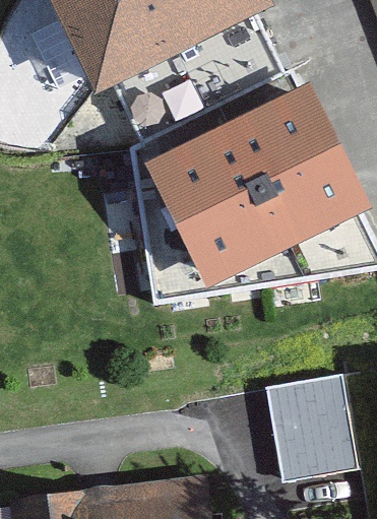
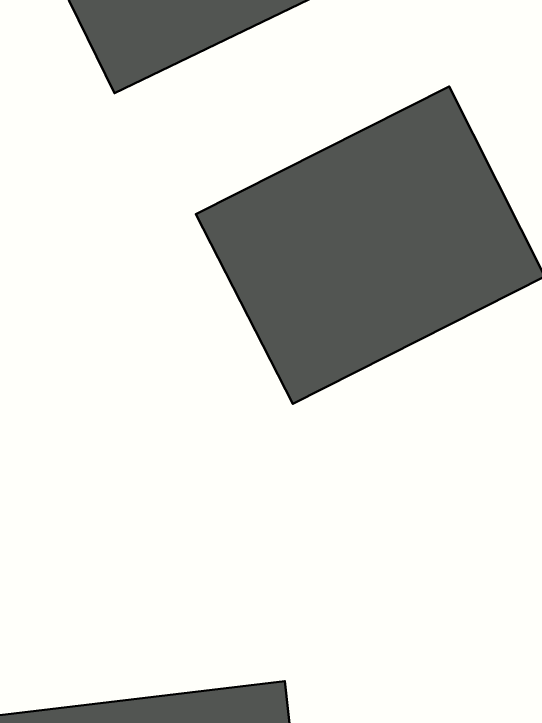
building: [267,368,359,474] -> none

